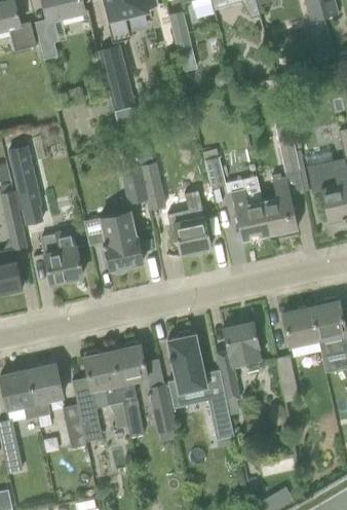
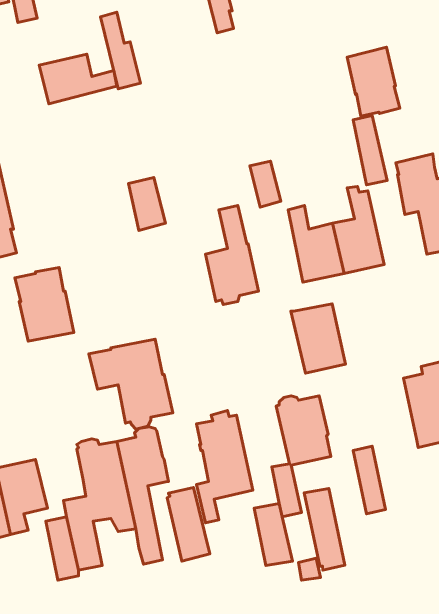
building: none -> [347,47,400,116]
building: none -> [39,54,117,104]
building: [138,161,165,210] -> none
building: [84,211,143,274] -> [89,339,173,429]
building: [282,307,320,356] -> [291,304,345,373]
building: none -> [304,488,345,570]

